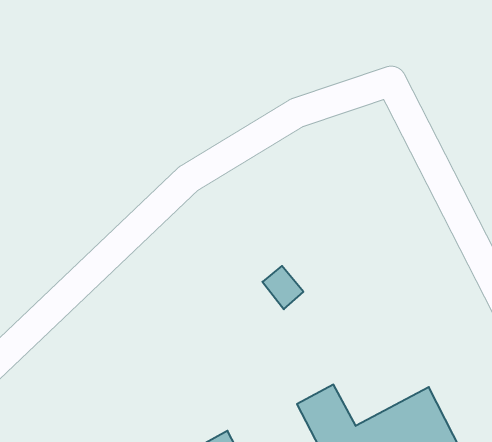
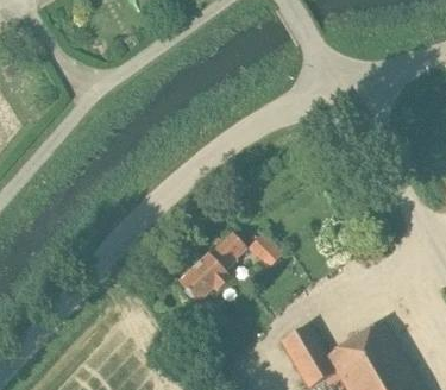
building: none -> [180,232,247,301]

